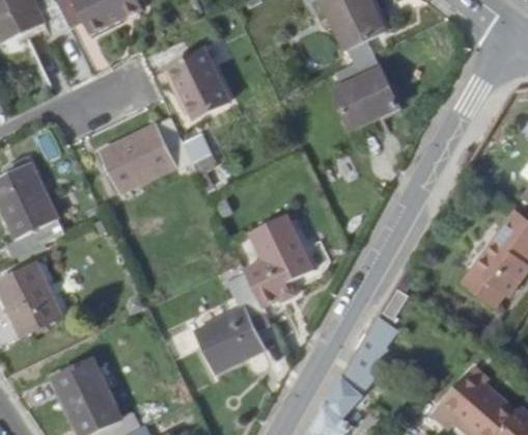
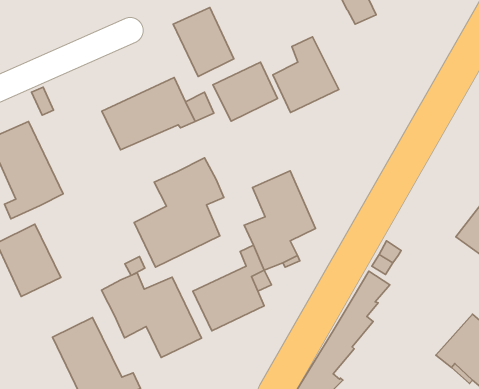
building: [335,58,400,133] -> [273,37,339,112]
building: none -> [213,62,278,121]
building: none -> [134,158,224,267]
building: none -> [102,273,202,357]

